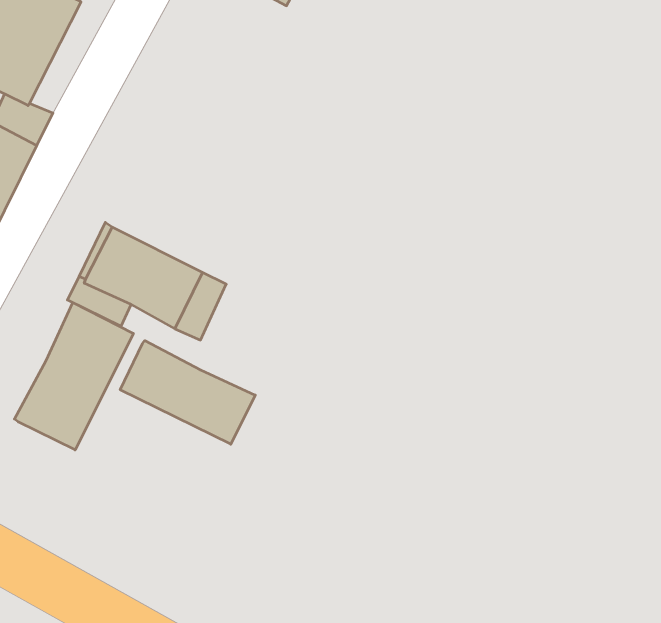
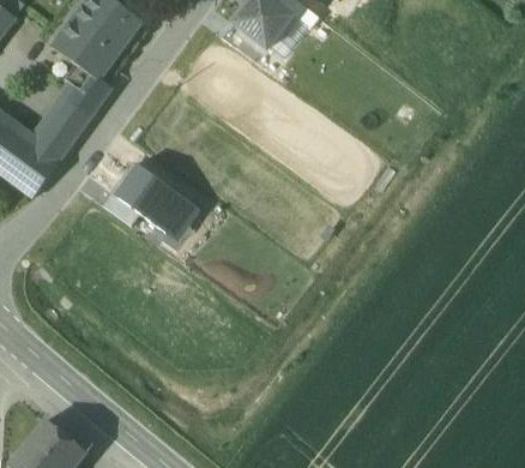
building: [14,303,133,450] -> none
building: [120,341,255,444] -> none

